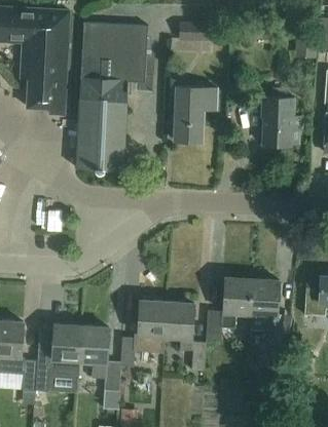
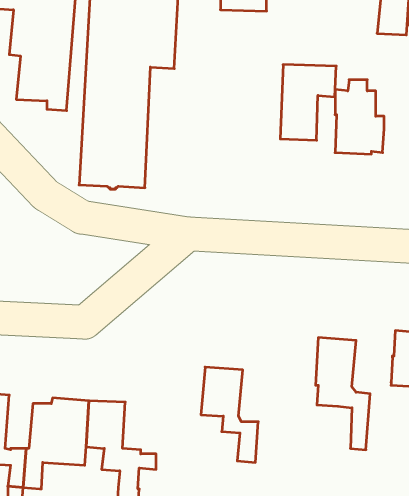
building: [175,87,216,143] -> [280,65,336,140]
building: [207,278,251,341] -> none
building: [120,301,168,365] -> none

